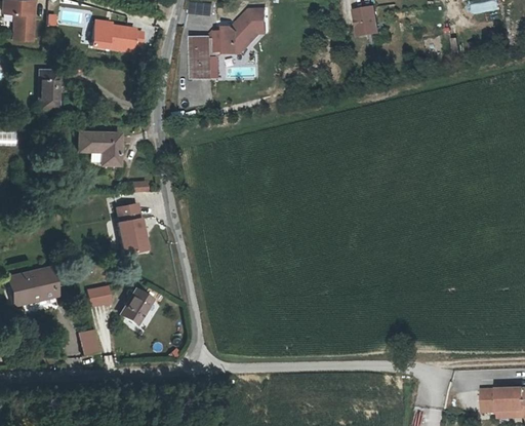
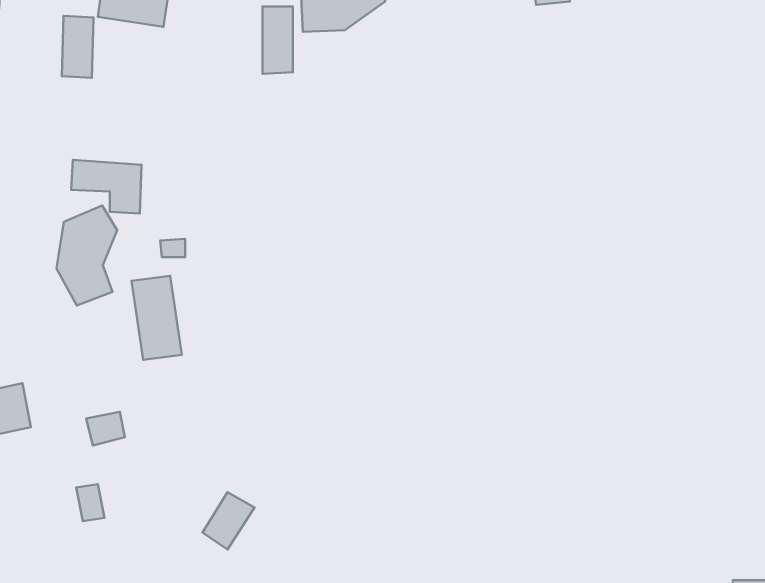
building: [38,69,57,107] -> [62,16,94,78]
building: none -> [57,205,117,305]
building: [123,288,155,323] -> [202,492,254,549]

